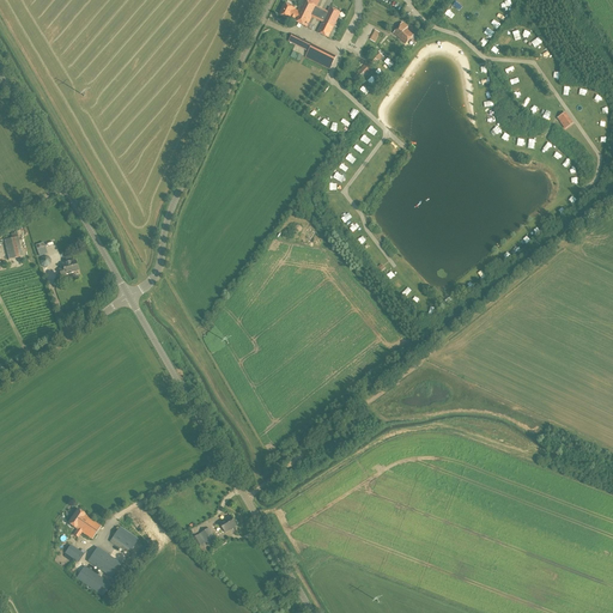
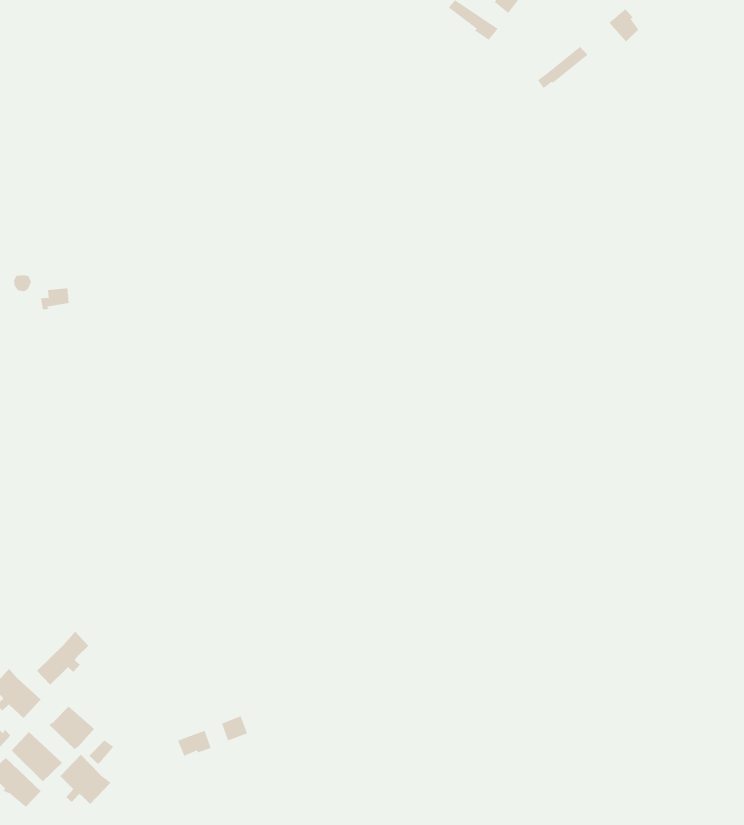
building: none -> [36,631,89,686]
building: none -> [59,754,112,805]

